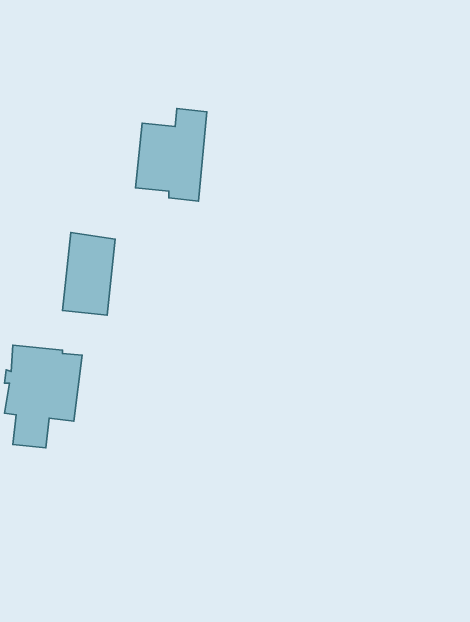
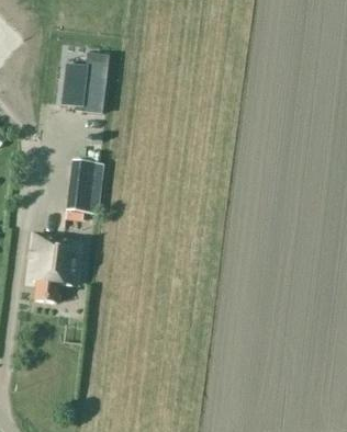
building: [136,108,207,201] -> [60,49,108,111]

